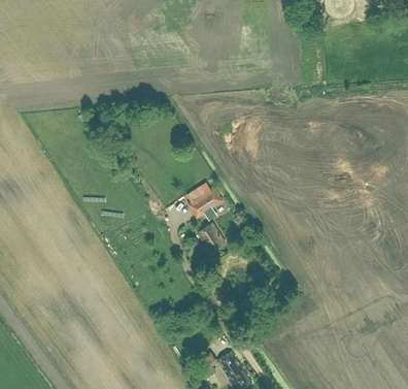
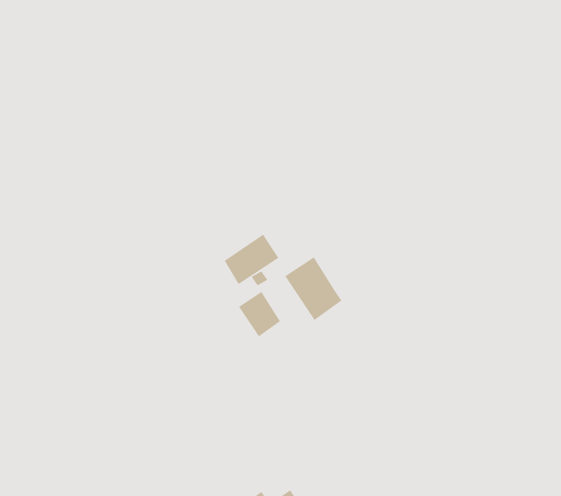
building: none -> [284,256,342,321]

